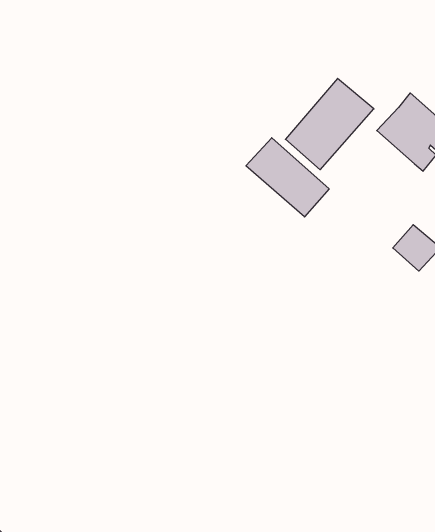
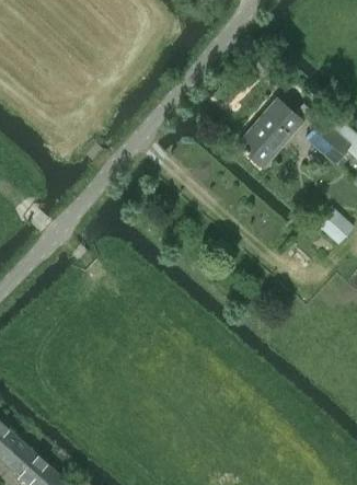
building: [246,138,329,217] -> none

